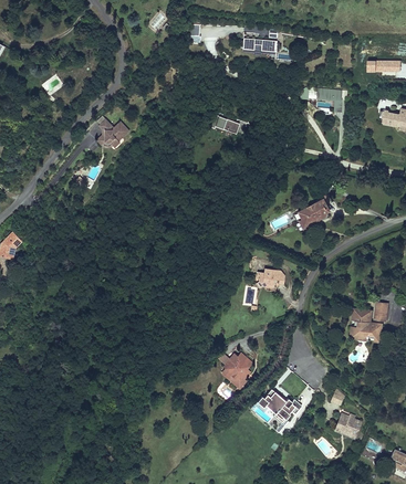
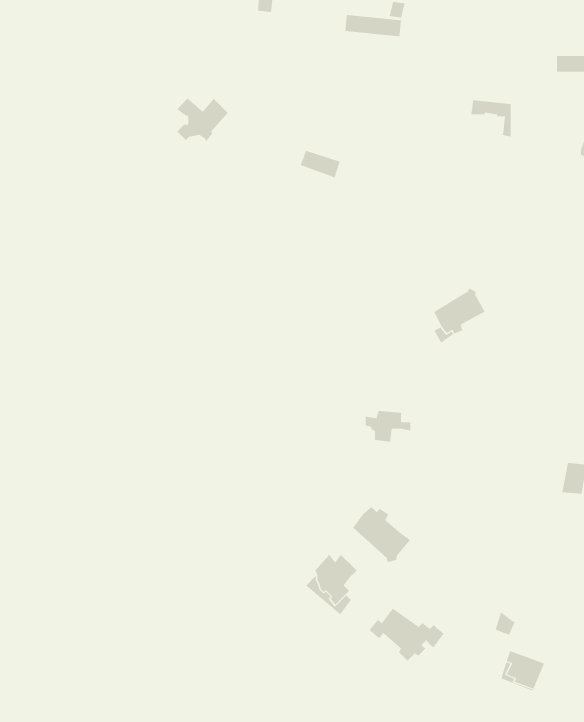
building: [97,118,128,145] -> [177,98,229,143]
building: [353,311,381,344] -> none
building: none -> [353,506,411,563]

